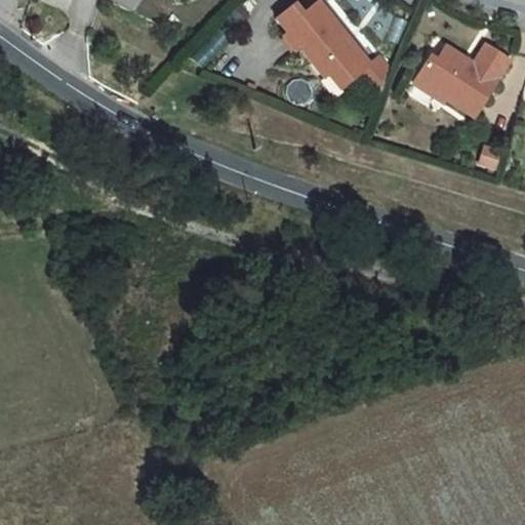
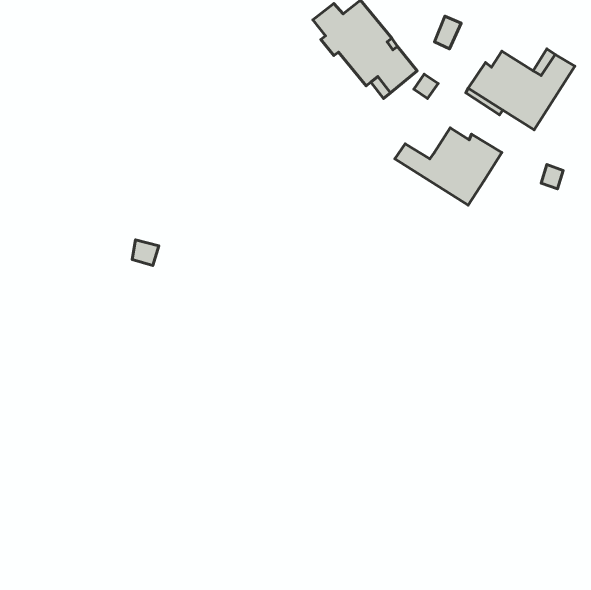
building: none -> [395,128,502,205]

